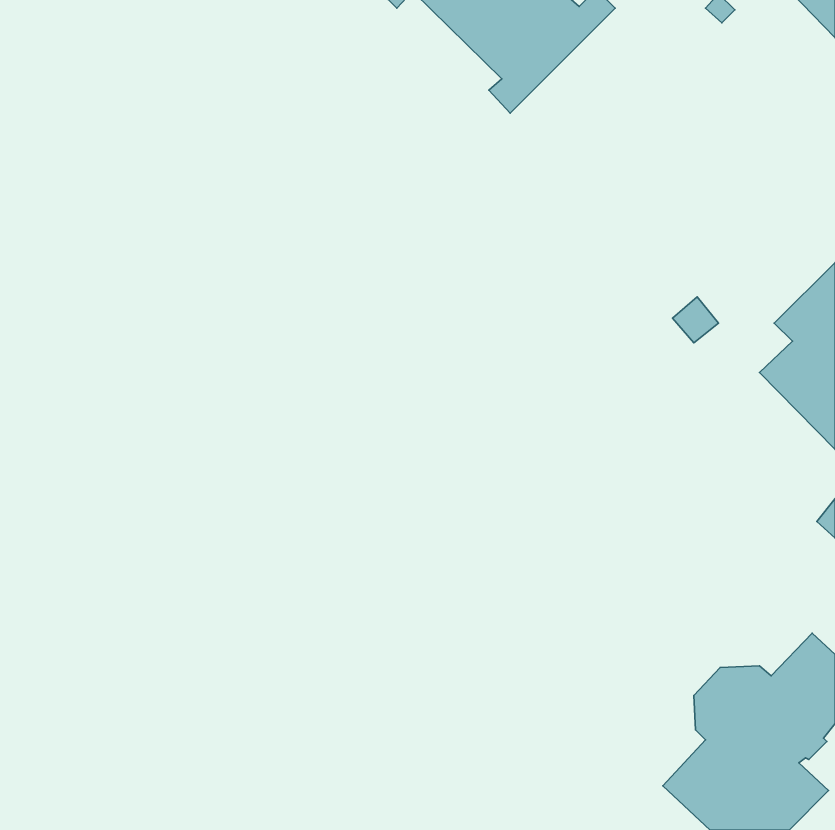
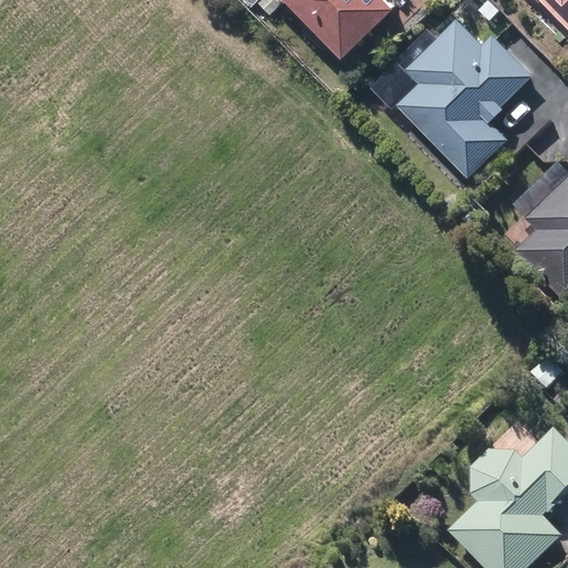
building: none -> [396,17,531,174]

